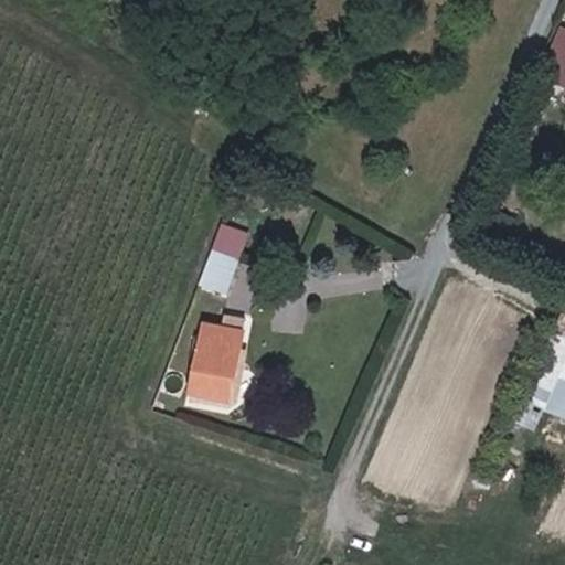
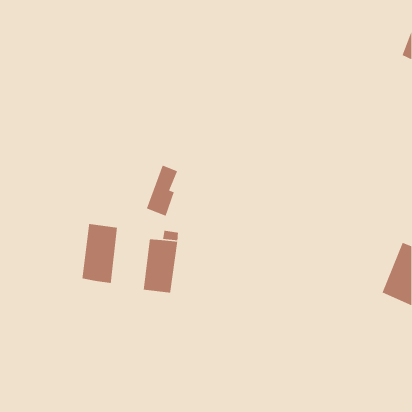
building: none -> [82,223,118,284]

